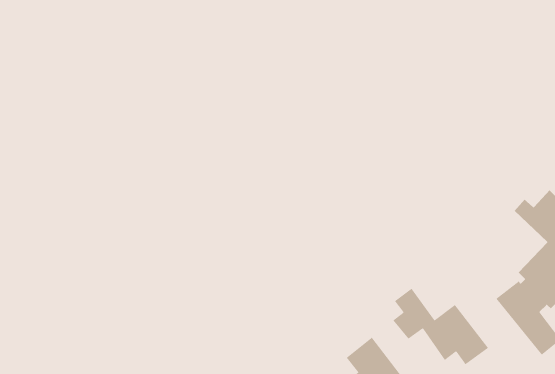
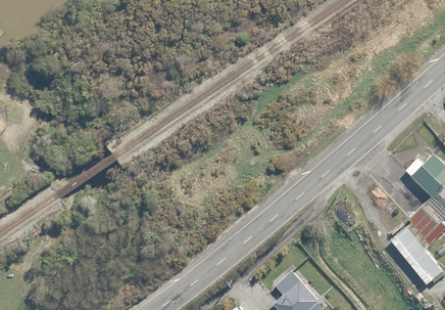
building: [393,288,489,365] -> none

